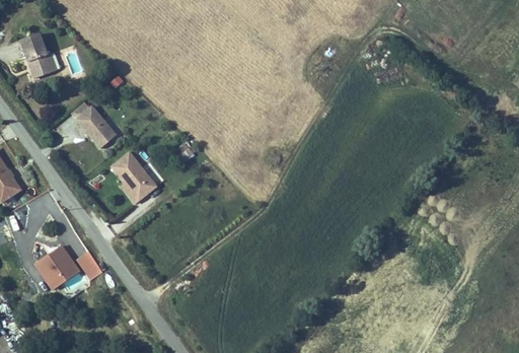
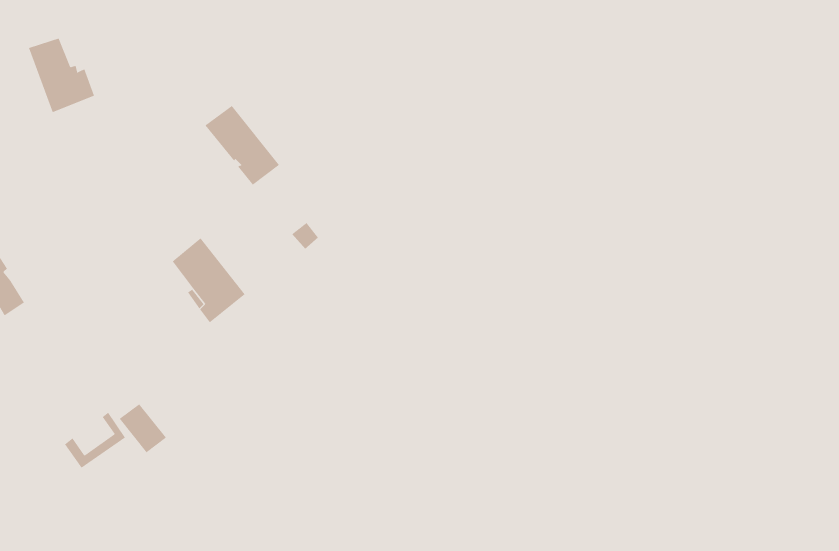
building: [69,100,114,148] -> [205,105,280,185]
building: [36,245,73,281] -> none

